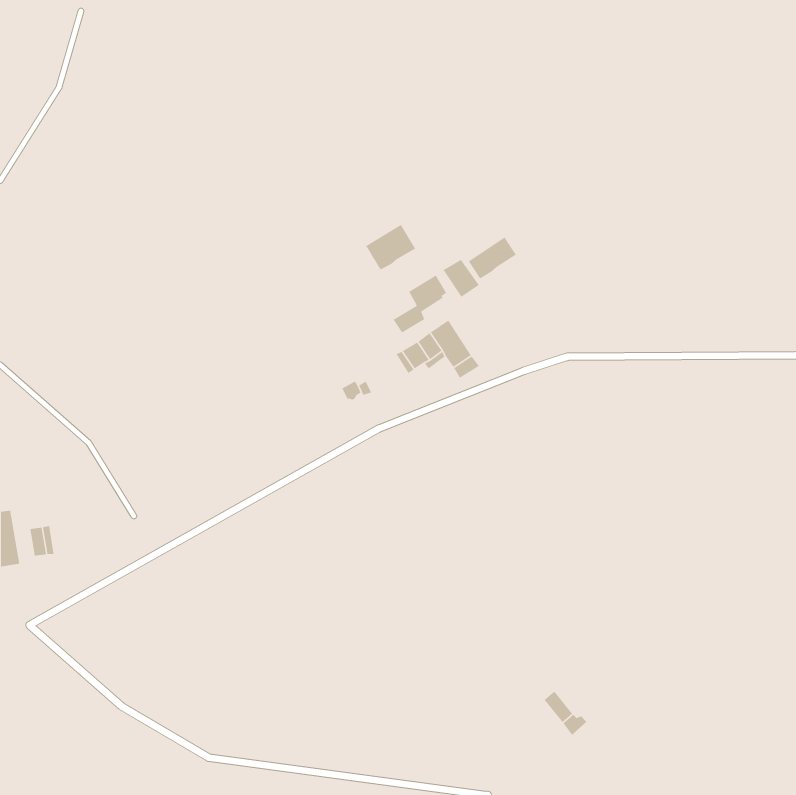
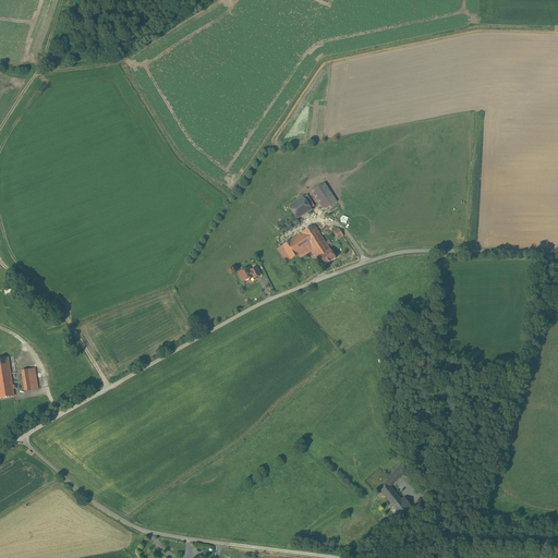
building: [365,224,416,271] -> none
building: [468,236,517,280] -> none

